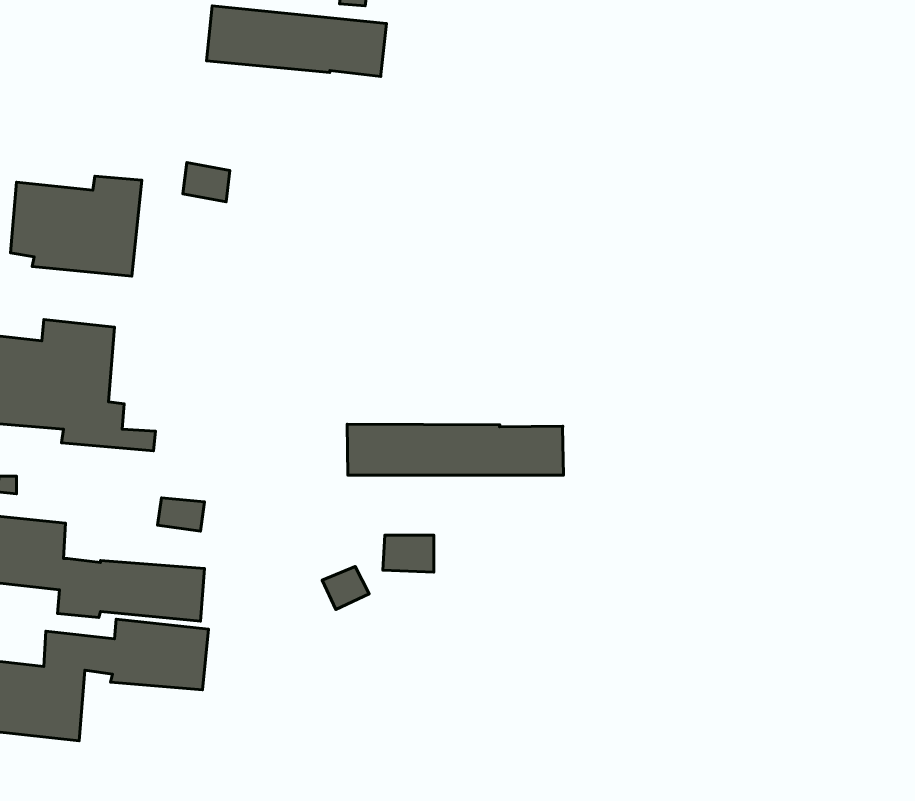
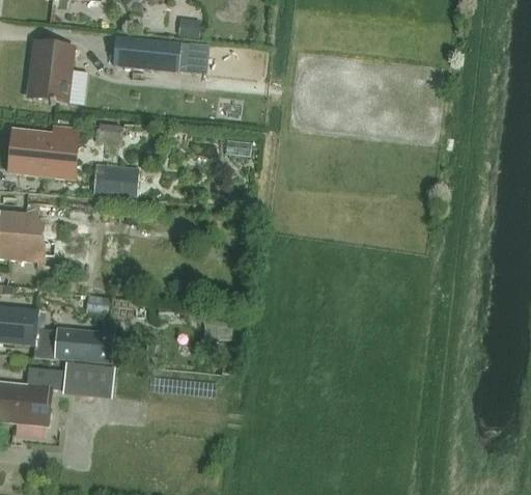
building: none -> [30,40,86,107]
building: none -> [94,162,139,192]
building: [347,424,563,475] -> none

